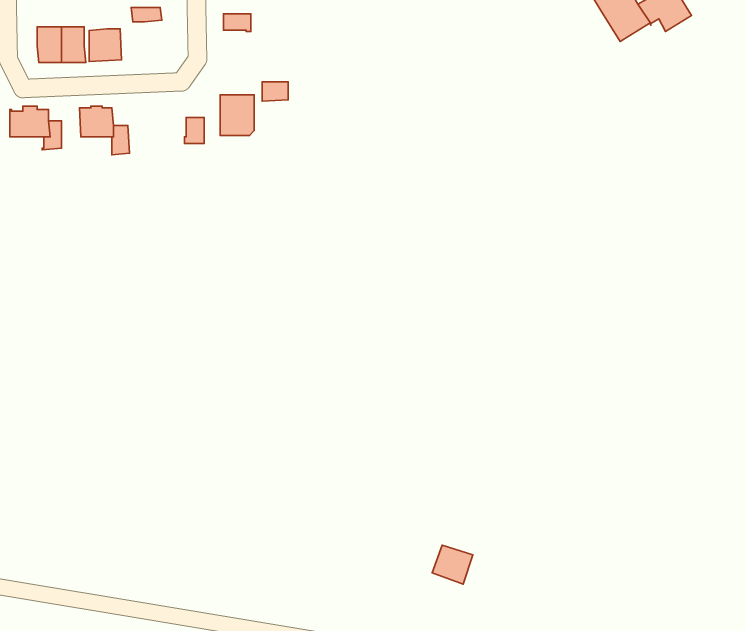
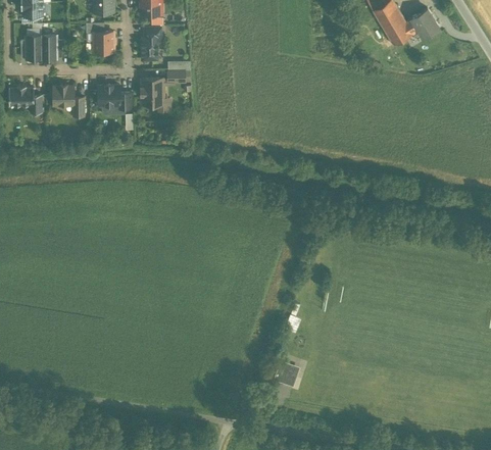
building: [89,29,122,61] -> [94,32,114,52]
building: none -> [141,38,158,60]
building: none -> [99,85,120,105]

